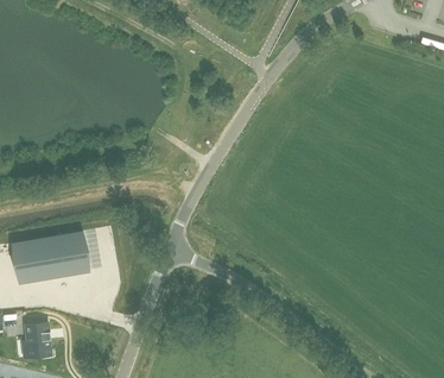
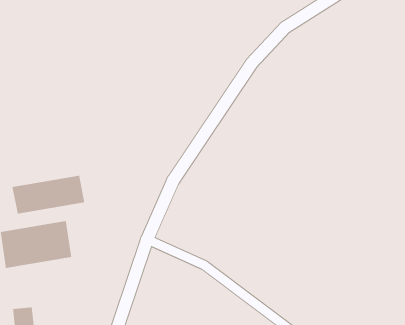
building: none -> [12,175,85,215]

